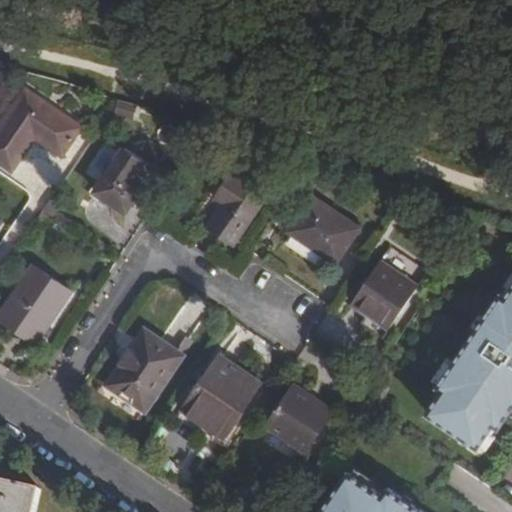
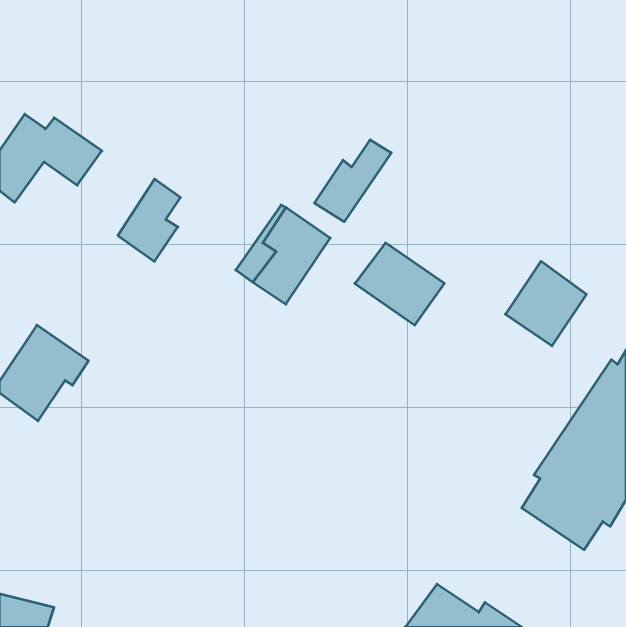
building: none -> [314,140,391,222]
building: [353,262,419,331] -> [505,261,586,346]
building: [112,330,182,413] -> none
building: [176,356,260,439] -> none
building: [267,390,330,450] -> none

